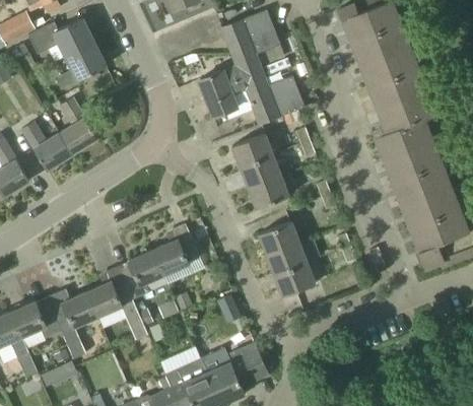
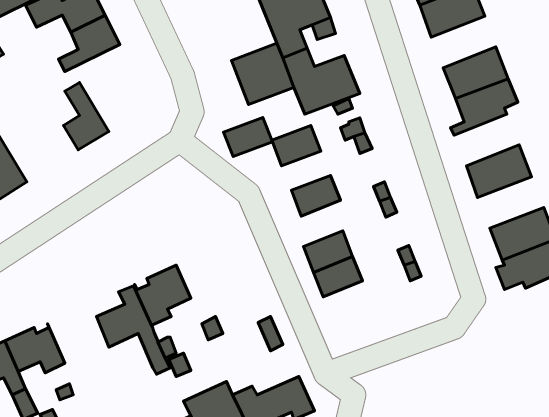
building: [363,44,417,86] -> none
building: [20,122,71,171] -> none
building: [383,125,436,167] -> none
building: [240,155,280,188] -> [224,117,273,157]
building: [402,177,457,219] -> none
building: [152,224,199,277] -> none
building: [274,263,315,296] -> none
building: [46,292,96,366] -> none

